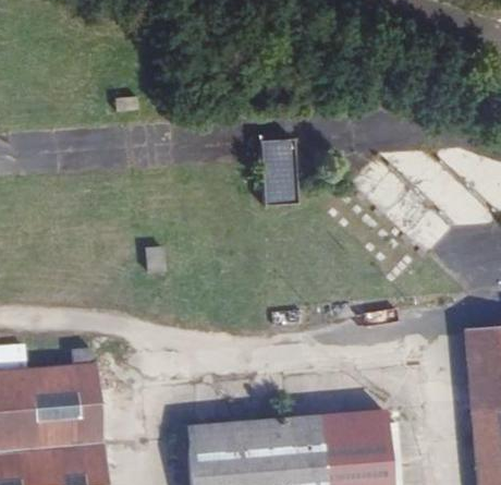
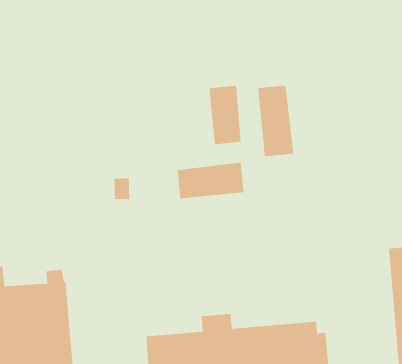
building: none -> [258,85,294,157]
building: none -> [177,162,244,199]

